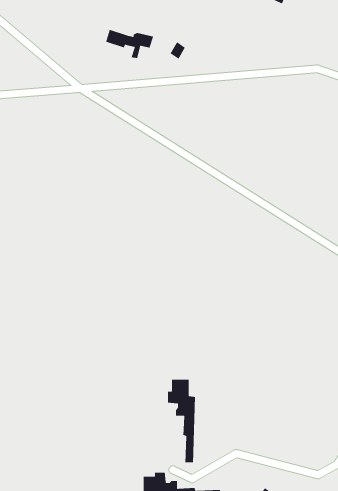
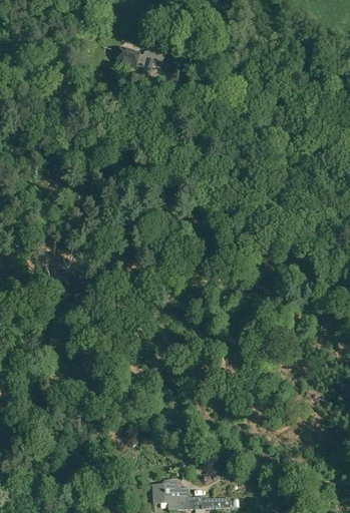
building: [167,379,196,463] -> none

